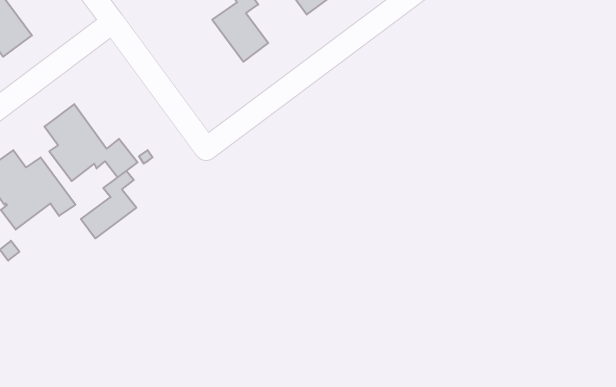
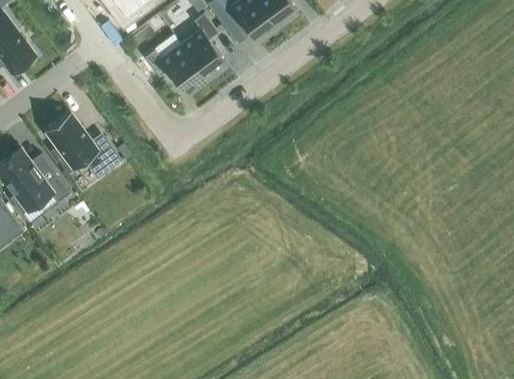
building: none -> [145,44,206,93]
building: [81,171,136,238] -> none

